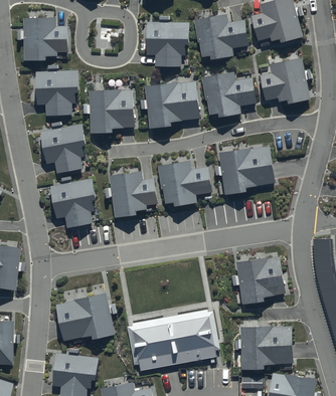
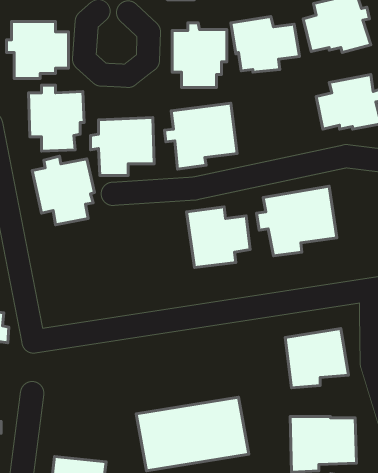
building: [202,73,257,117] -> none
building: [106,172,158,223] -> none
building: [51,178,99,232] -> none
building: [56,291,115,340] -> none

